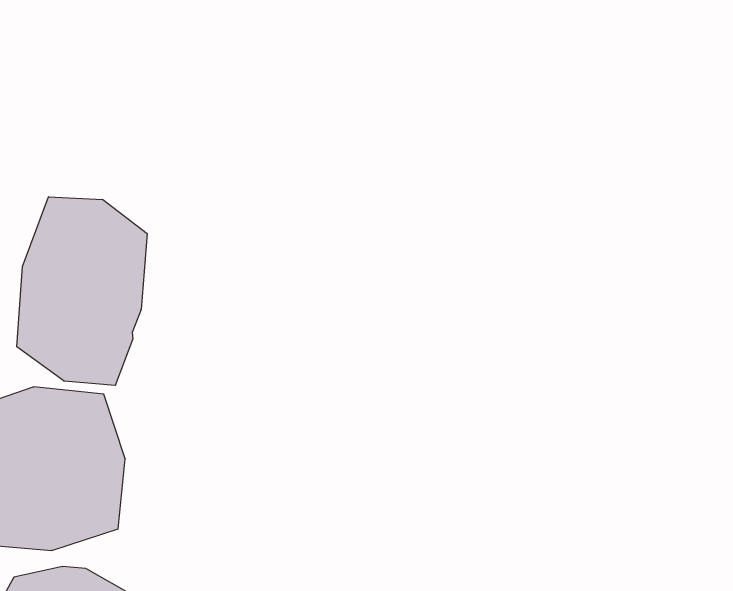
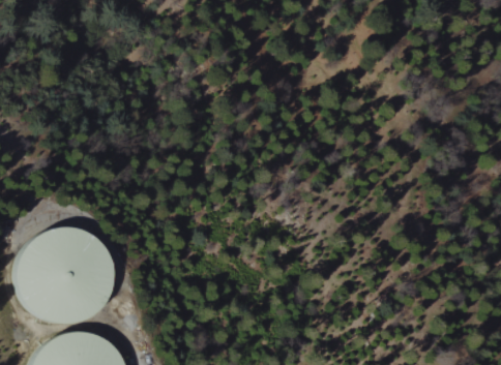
building: [17,197,147,385] -> none

